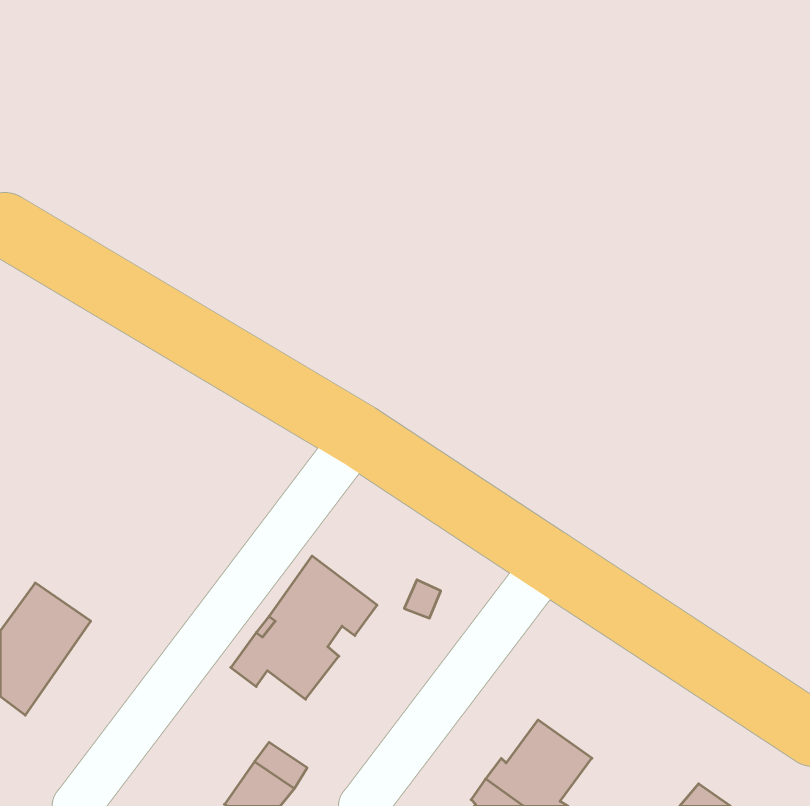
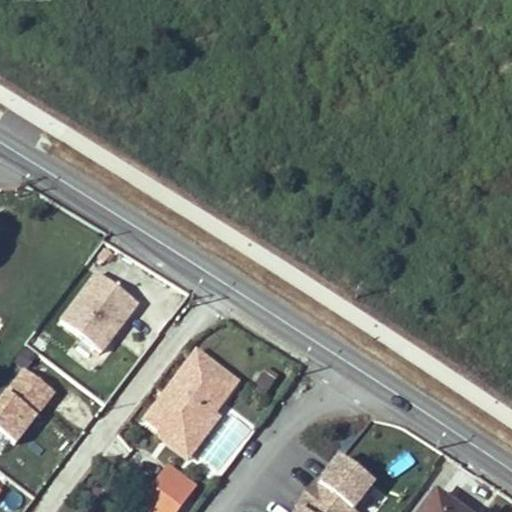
building: none -> [57,270,142,368]
building: none -> [160,412,220,457]

